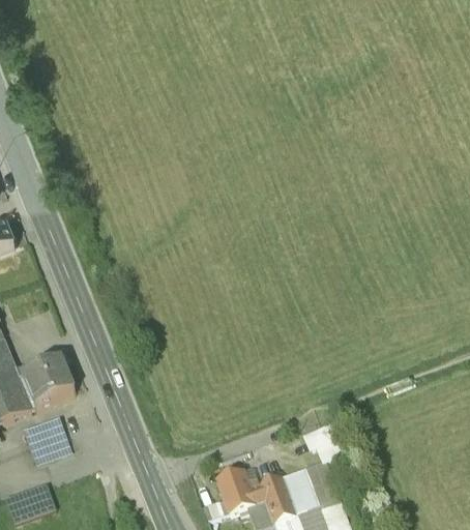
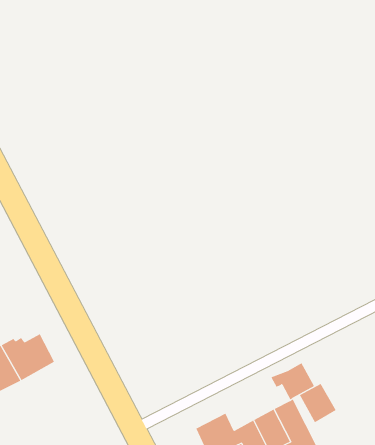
building: [25,418,69,460] -> none
building: none -> [299,383,336,423]

